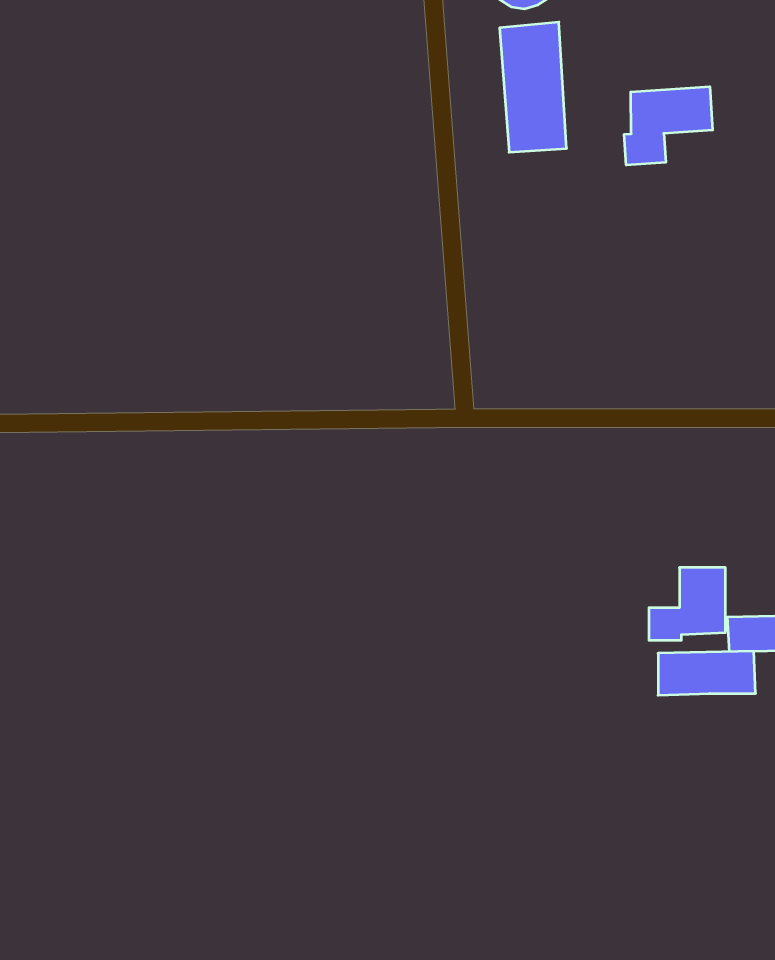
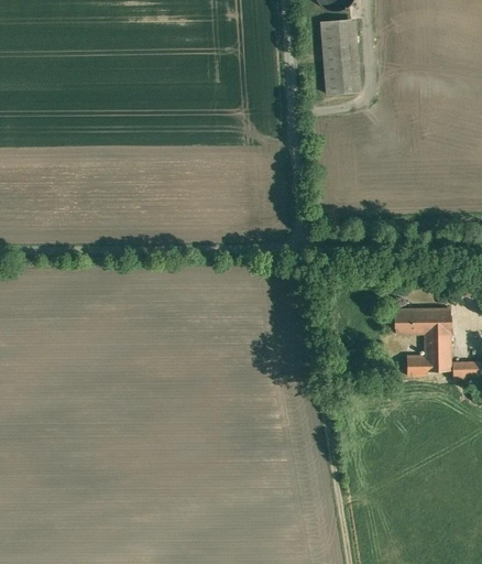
building: [624,87,713,165] -> none
building: [658,651,756,695] -> [395,307,451,333]

